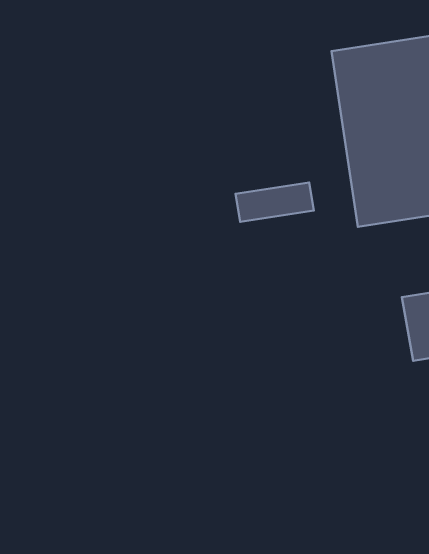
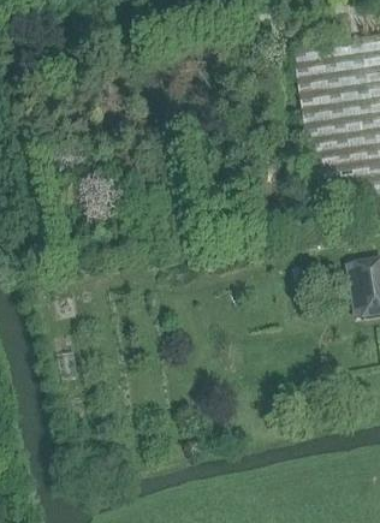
building: [236,182,314,222] -> none

